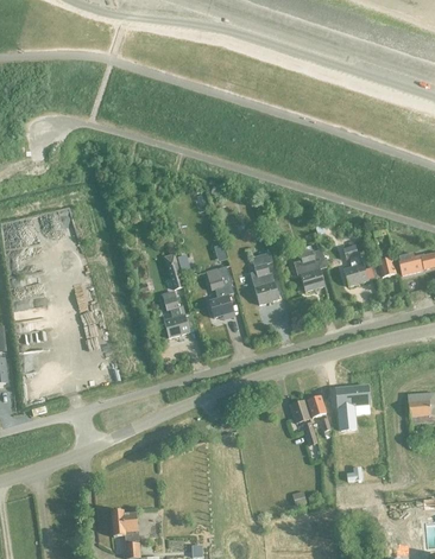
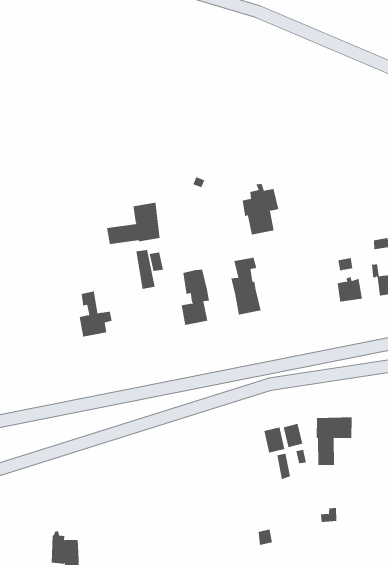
building: none -> [107,202,160,245]
building: [294,246,327,292] -> [242,183,279,235]
building: [164,297,194,338] -> [79,291,112,337]

